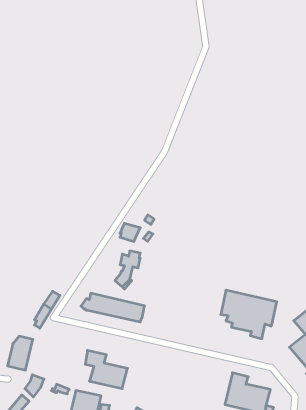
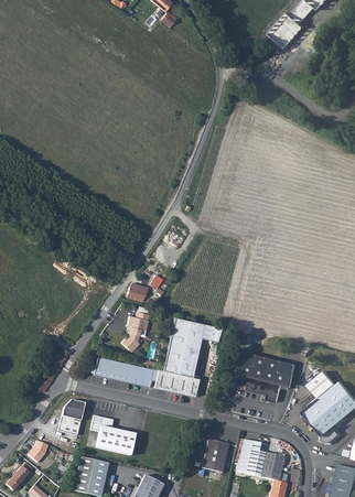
building: none -> [154,317,222,397]
building: [8,336,33,370] -> [58,400,85,435]
building: none -> [203,440,229,473]

